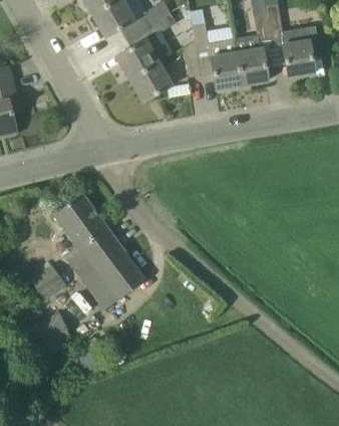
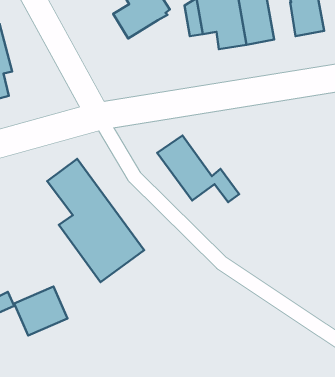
building: [130,62,172,101] -> none
building: none -> [157,135,239,202]
building: [31,265,66,299] -> none

